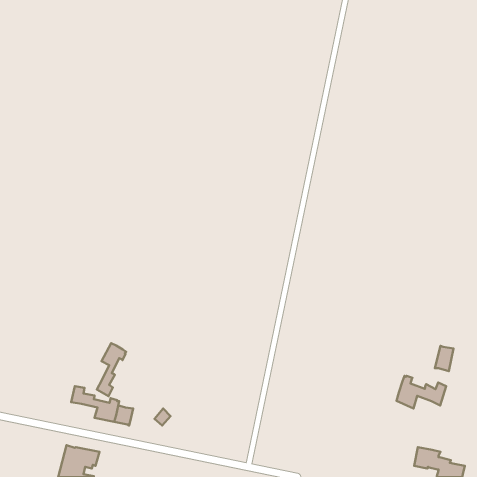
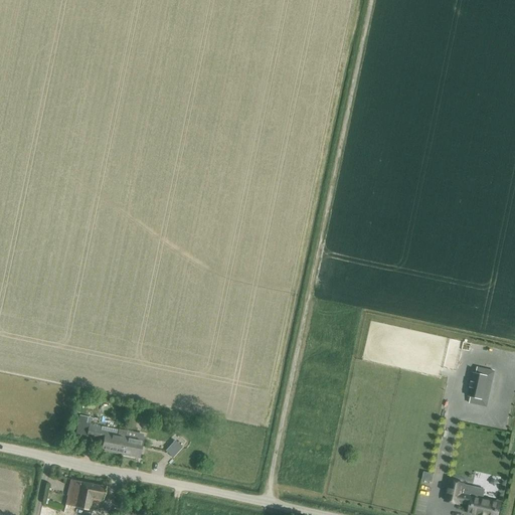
building: [97,343,126,396] -> none
building: [397,376,446,409] -> none

